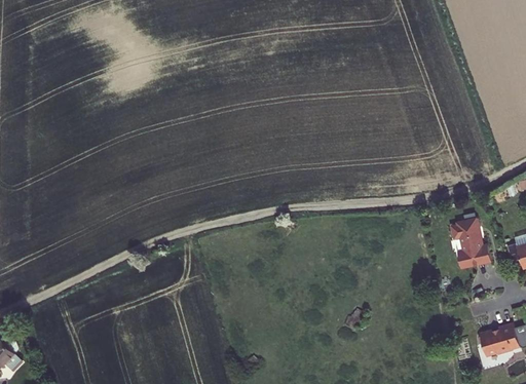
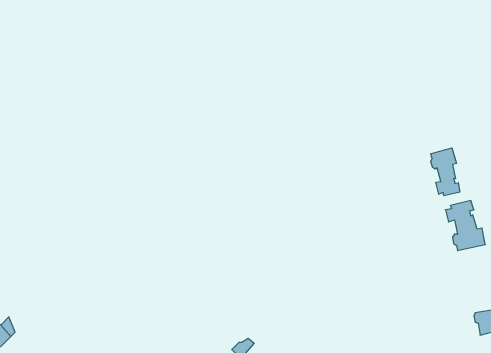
building: none -> [431,148,460,196]

